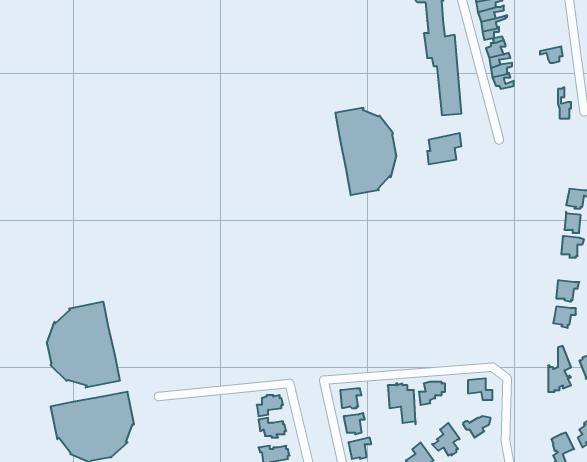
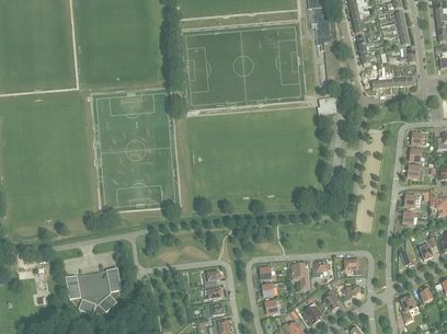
building: [336,108,396,195] -> none
building: [47,302,120,388] -> none

